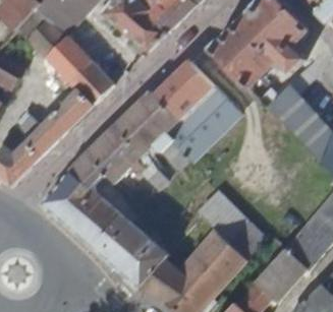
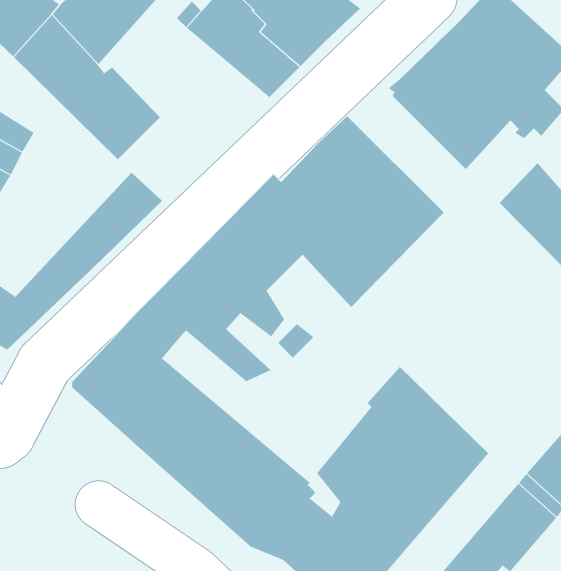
building: [69,63,113,106] -> none

